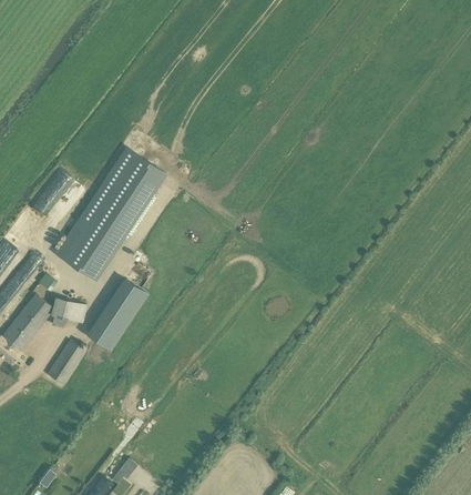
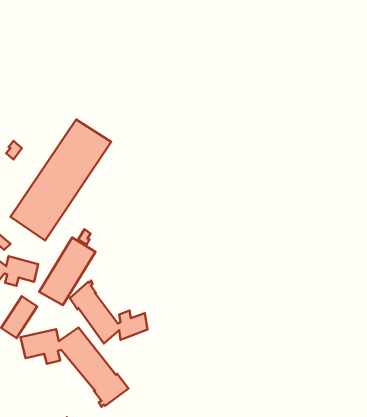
building: none -> [70,281,148,343]
building: none -> [21,327,128,407]

